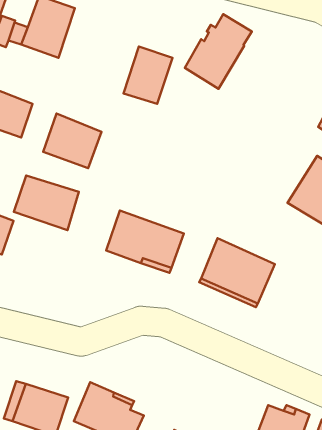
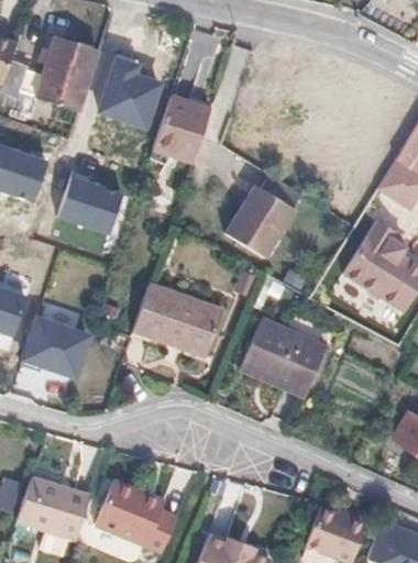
building: none -> [101,56,165,130]
building: [185,14,252,89] -> [224,173,301,258]
building: [14,175,79,230] -> [22,318,97,380]

